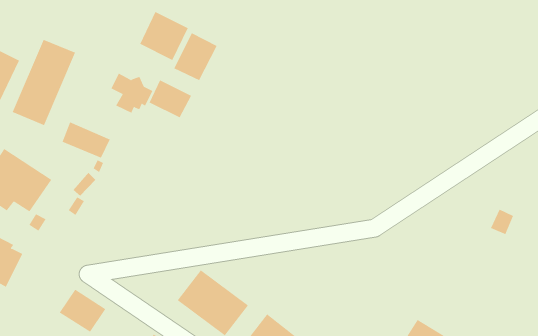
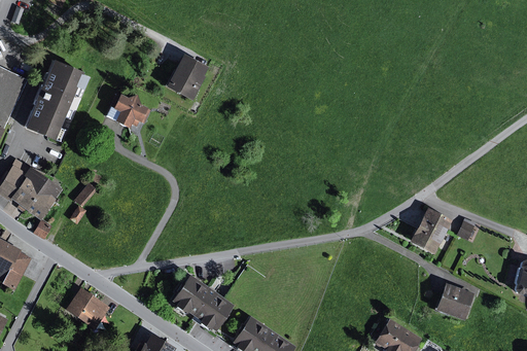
building: [139,11,188,61] -> none
building: [149,80,192,118] -> none
building: [62,122,110,159] -> none
building: none -> [411,206,454,253]
building: none -> [435,282,478,322]

